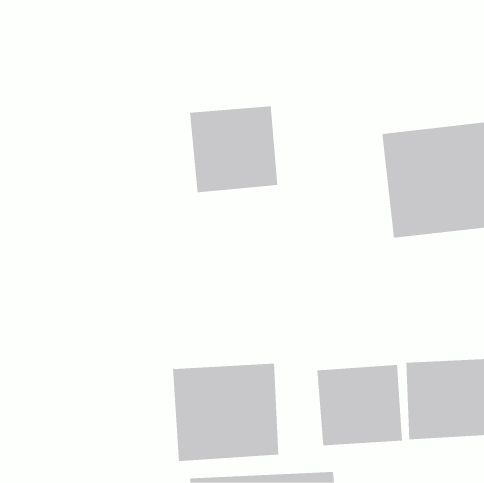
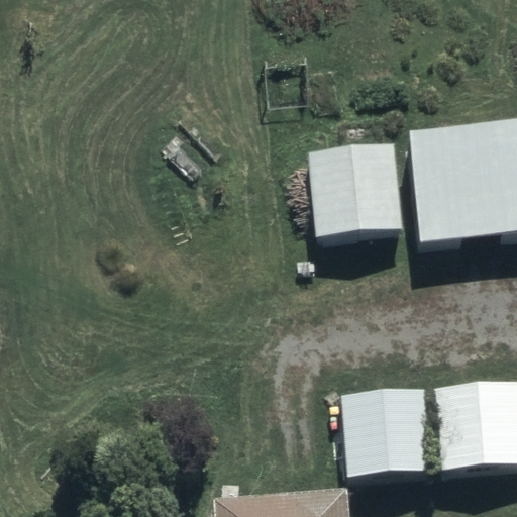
building: [189,106,278,193] -> [309,149,403,241]
building: [173,363,279,462] -> none

